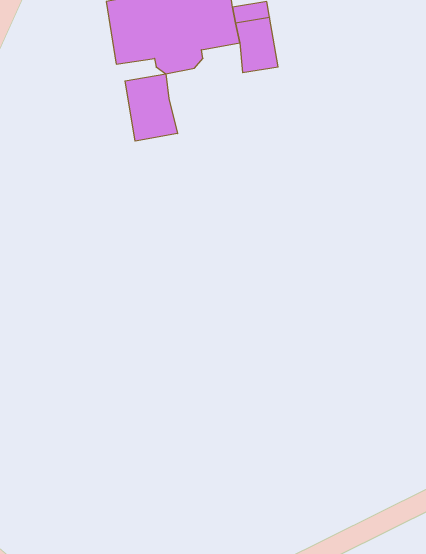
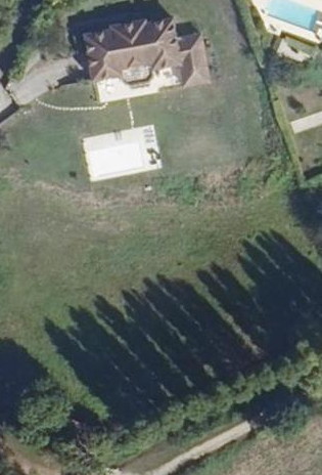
building: [125,74,178,141] -> none

